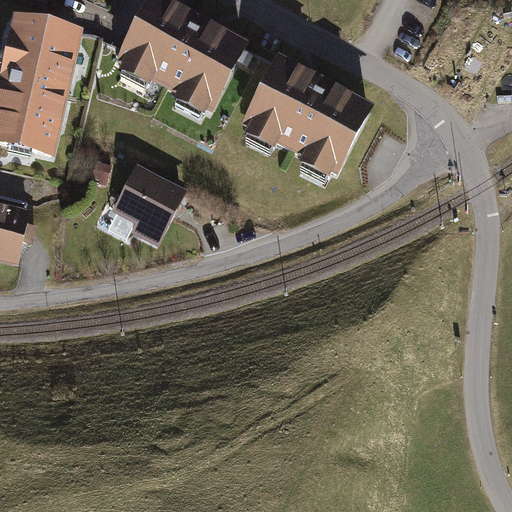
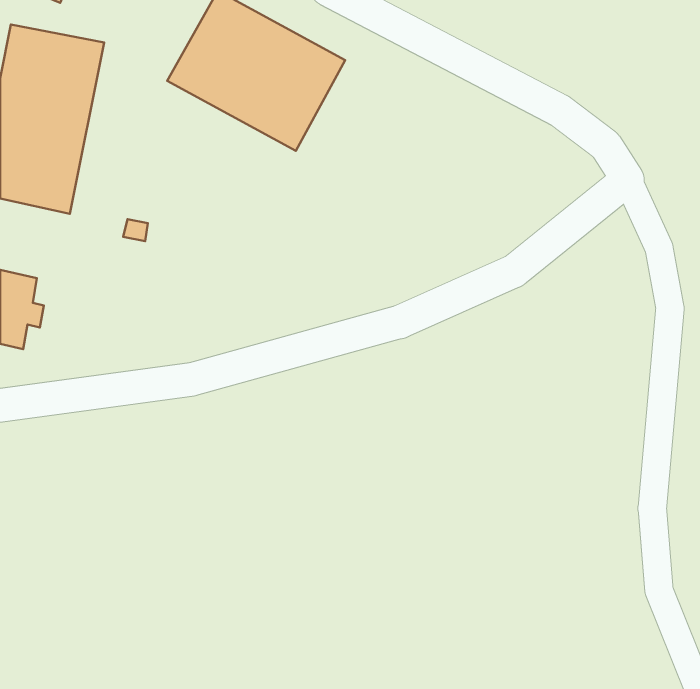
building: [247,64,367,173] -> none
building: [109,161,182,243] -> none

